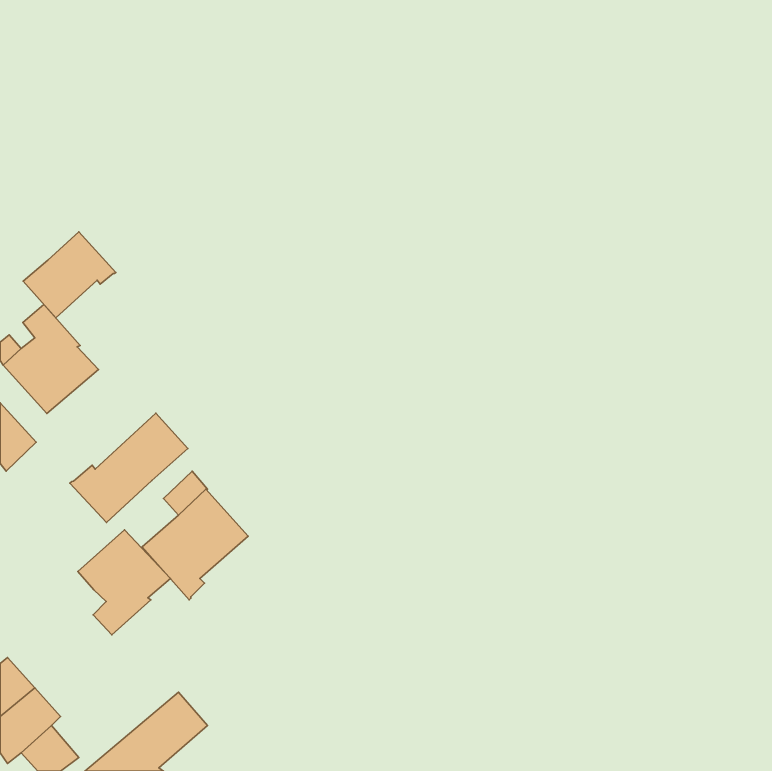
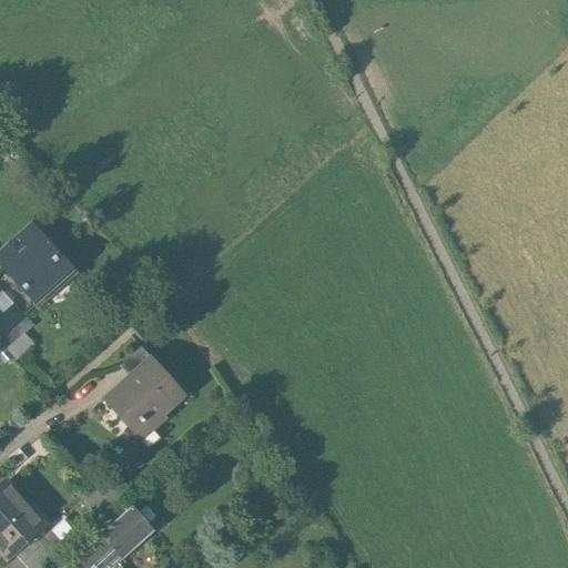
building: [23,232,116,318] -> none
building: [70,413,188,522] -> none
building: [78,530,170,635] -> none

